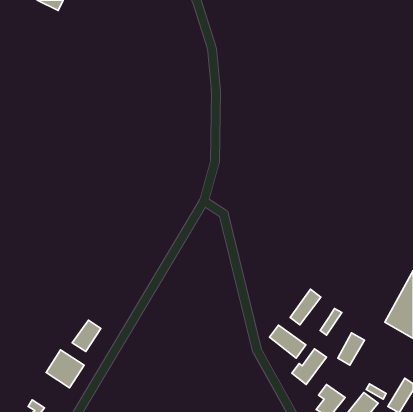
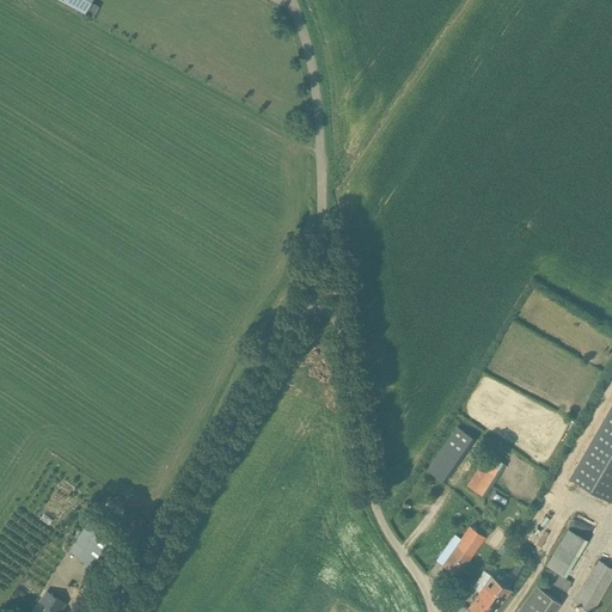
building: [72,320,101,352] -> none
building: [270,325,306,358] -> none
building: [338,333,364,365] -> [547,530,587,577]

